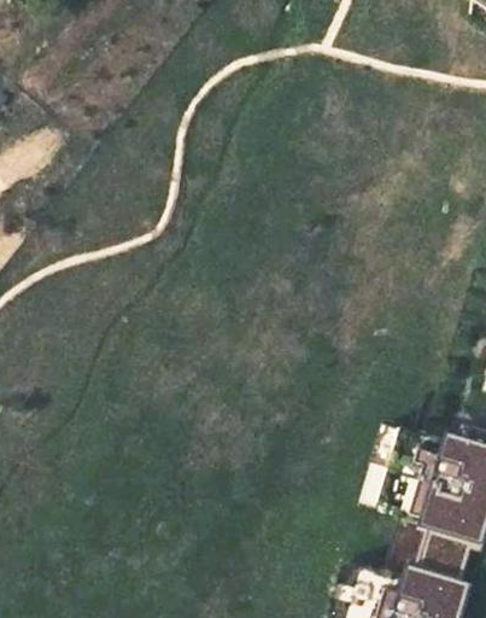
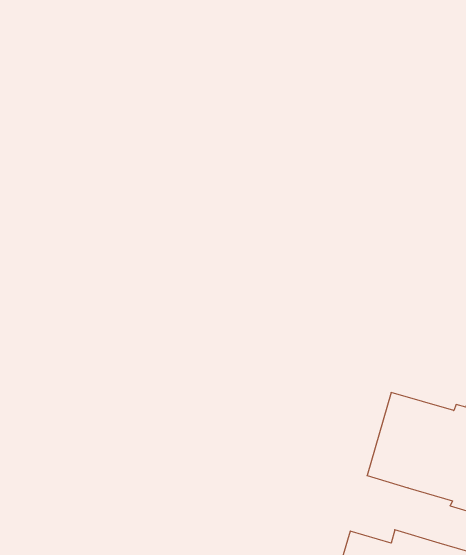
building: [405,531,463,587] -> none

